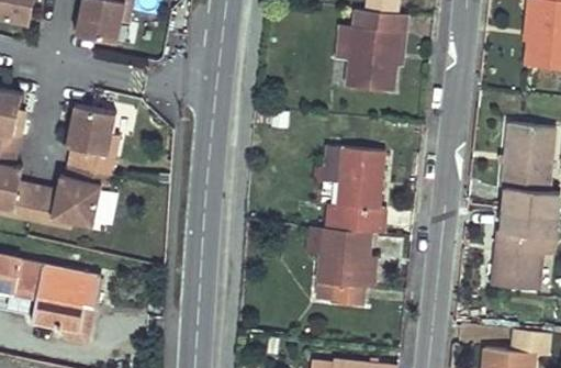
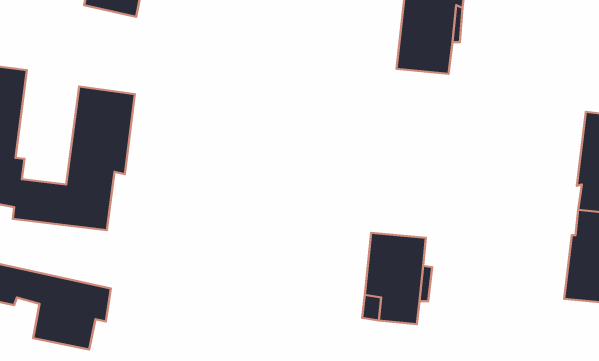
building: [323,147,384,234] -> none

